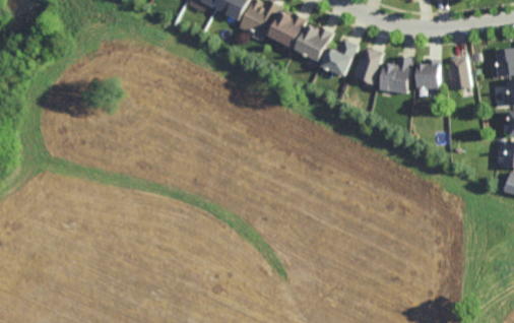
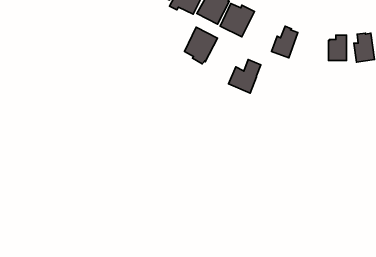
building: [321,39,358,76] -> [228,60,261,93]
building: none -> [185,27,217,64]
building: [380,56,411,93] -> none

